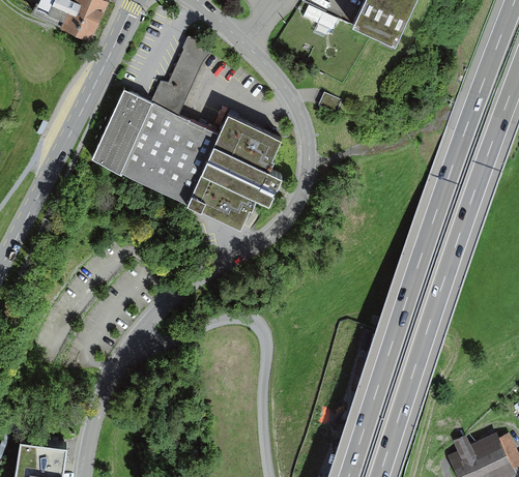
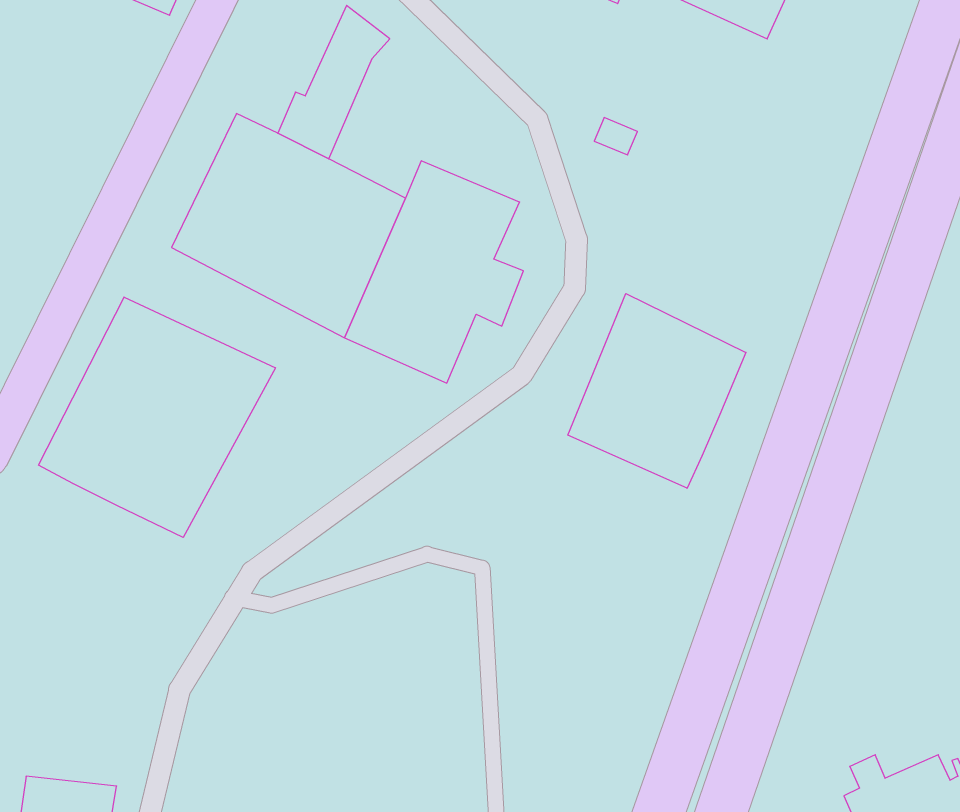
building: none -> [568,294,746,488]
building: none -> [39,297,275,537]

